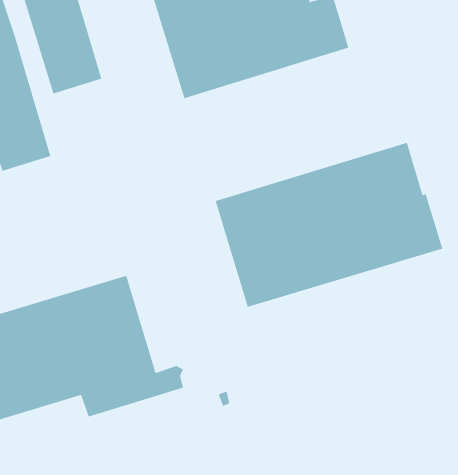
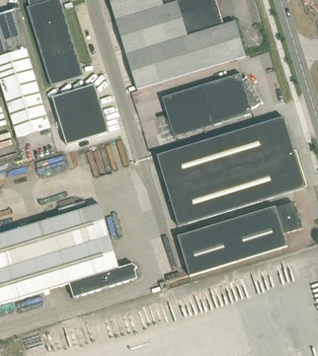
building: none -> [161,73,262,136]
building: none -> [52,84,108,144]
building: none -> [176,202,300,276]

